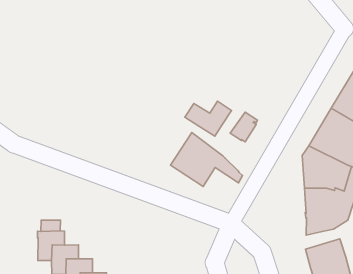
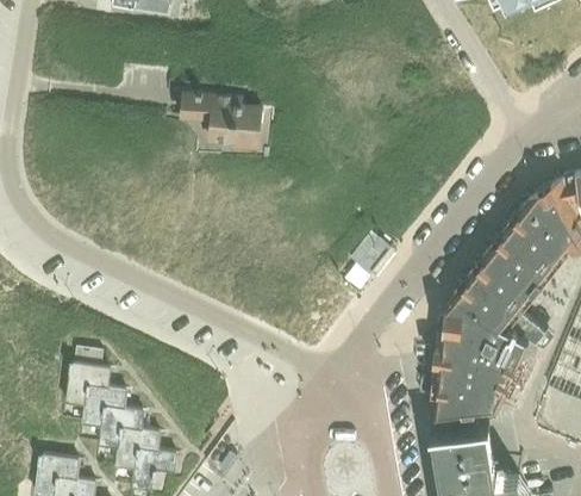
building: none -> [180,88,261,149]
building: [185,101,232,136] -> none
building: [170,132,243,186] -> none

